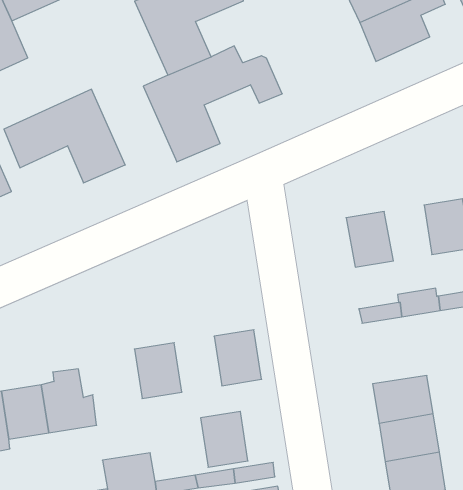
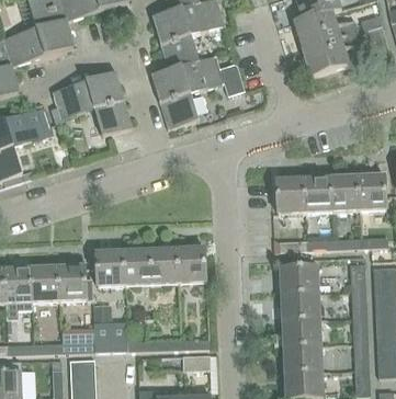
building: none -> [303,176,331,212]
building: none -> [280,265,318,293]
building: none -> [95,250,124,285]
building: [201,411,248,467] -> [150,248,179,283]

